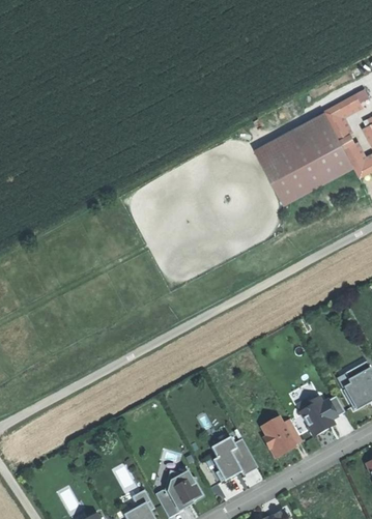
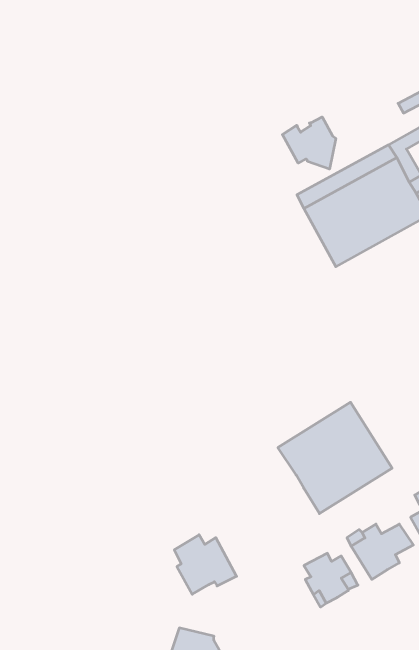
building: none -> [282,117,336,169]
building: none -> [278,402,392,514]
building: [210,436,257,481] -> [174,535,237,594]

